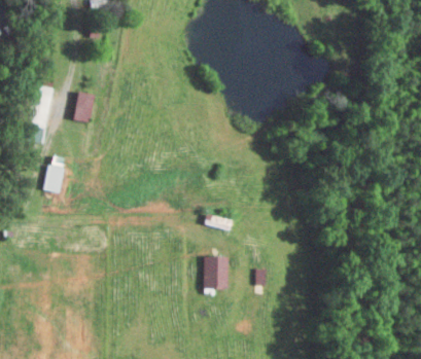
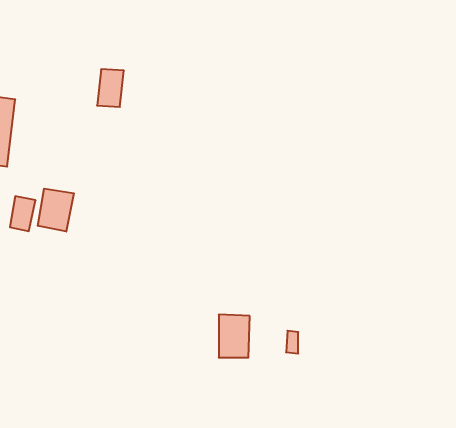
building: [72,93,93,121] -> [97,69,124,107]
building: none -> [38,189,74,232]

